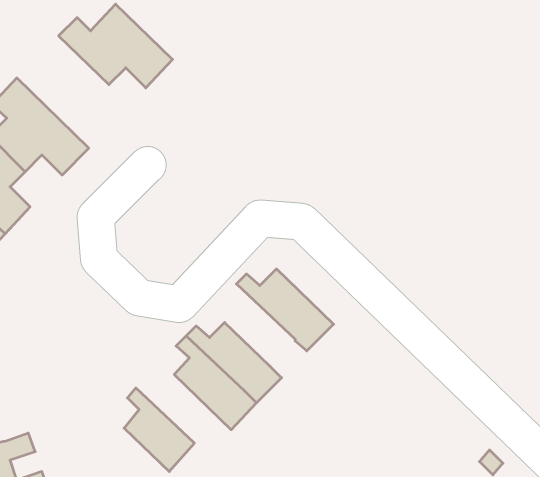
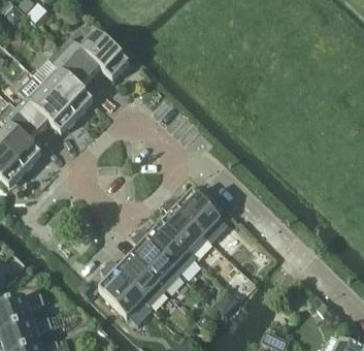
building: none -> [33,47,93,117]
building: none -> [161,200,204,251]
building: none -> [106,256,165,306]

